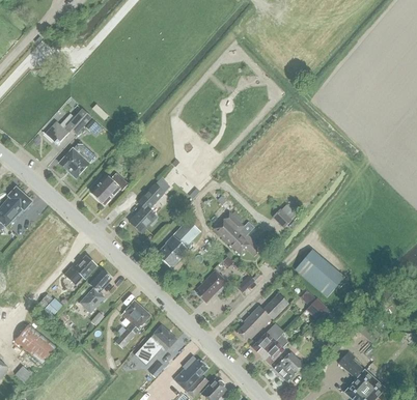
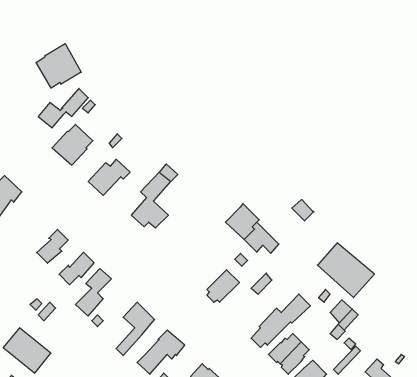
building: none -> [36,44,81,88]
building: [156,219,200,267] -> none
building: none -> [37,229,68,263]

